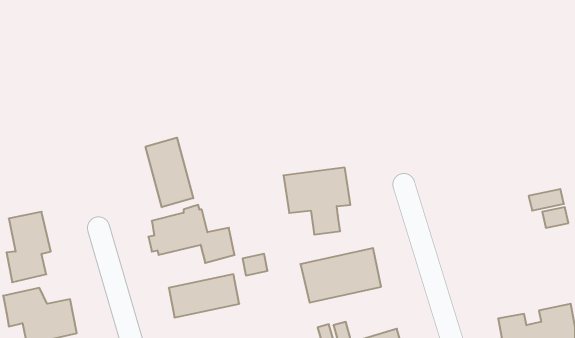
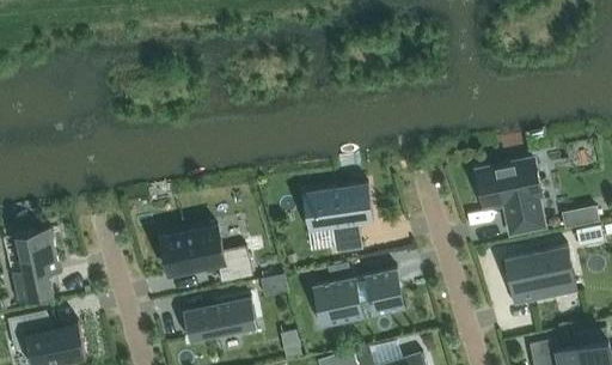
building: [146,138,193,207] -> none
building: none -> [476,159,543,235]
building: none -> [502,244,575,306]

